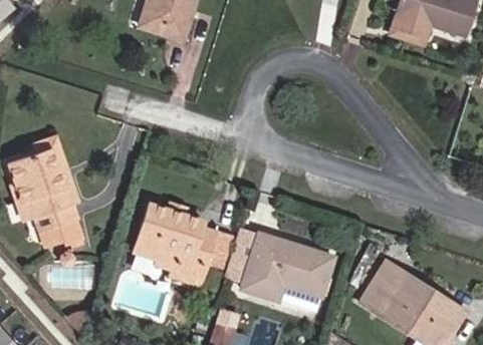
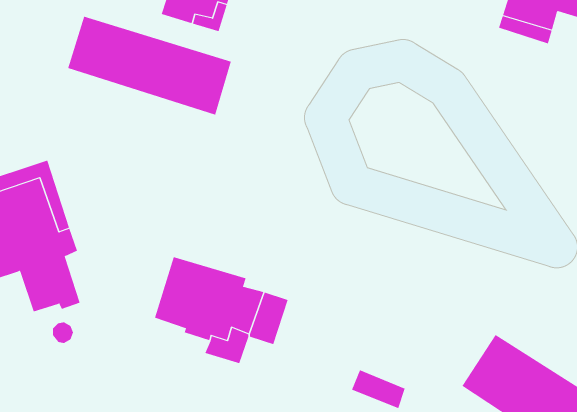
building: none -> [68,16,232,116]
building: [241,233,332,299] -> none

